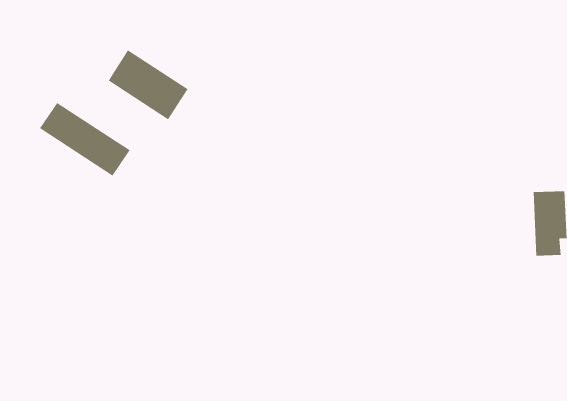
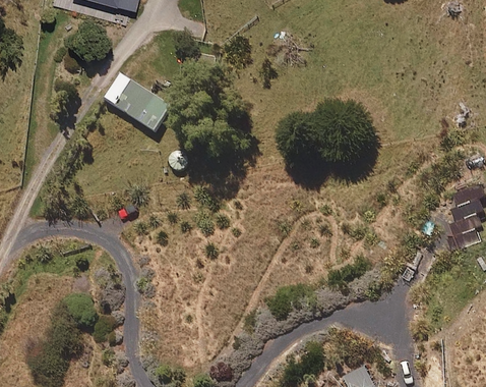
building: [39,102,130,177] -> none

